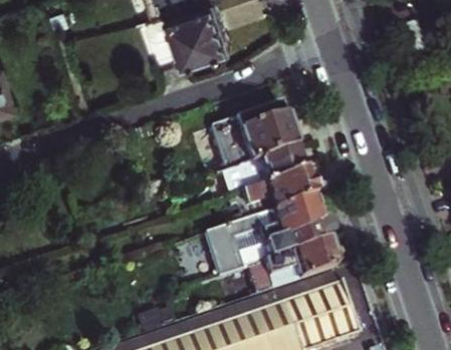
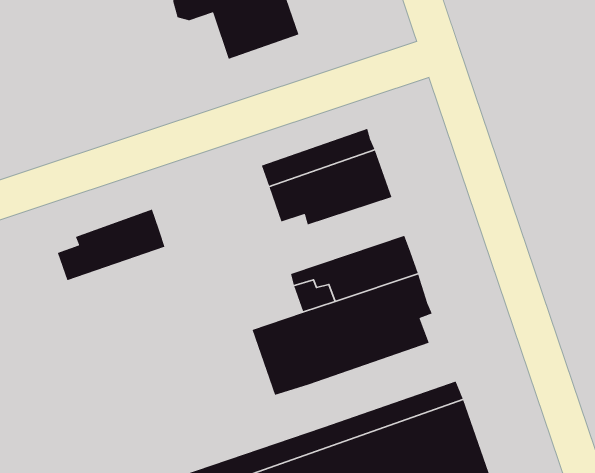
building: [224,150,306,200] -> none
building: none -> [57,209,166,281]
building: [244,243,340,299] -> none

